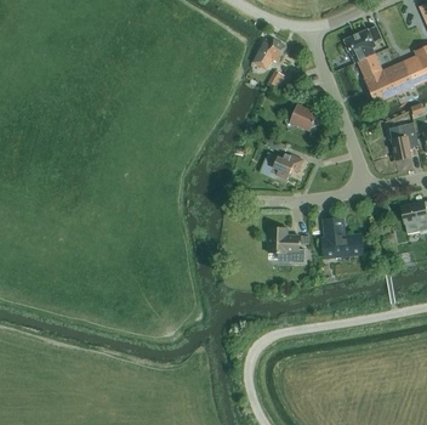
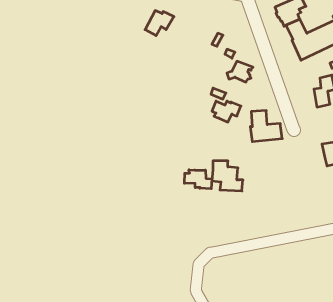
building: [252,38,287,68] -> [145,11,174,36]
building: [324,219,363,256] -> [250,111,282,142]
building: none -> [184,170,212,189]

